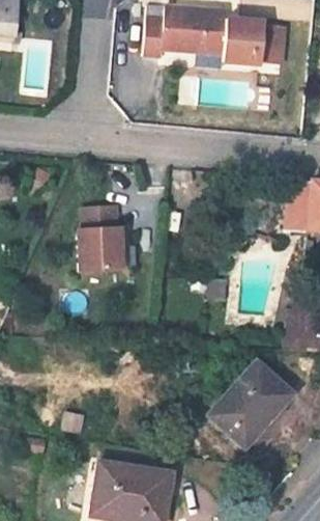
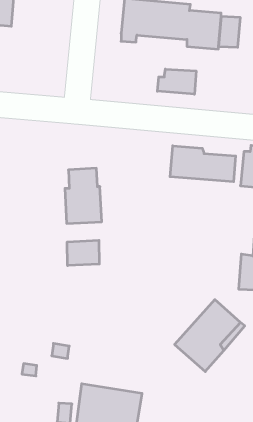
building: none -> [157,69,196,94]
building: none -> [170,146,236,182]
building: none -> [67,240,99,266]

